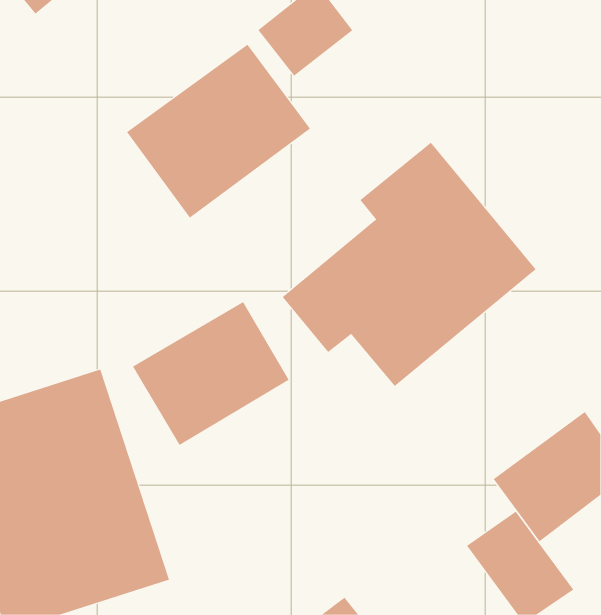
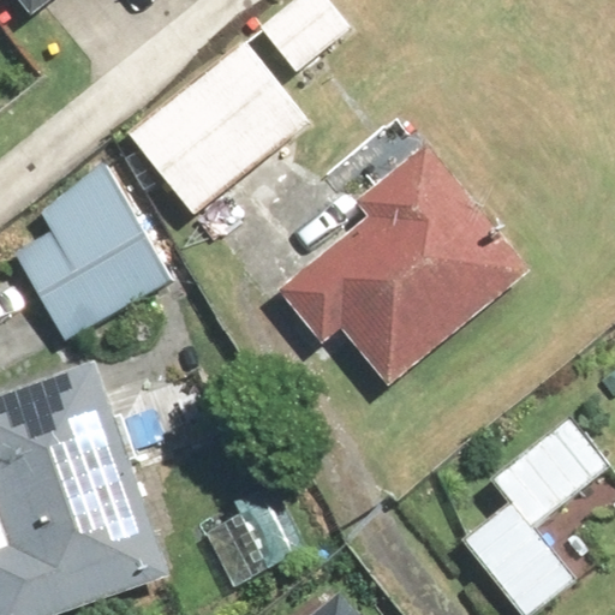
building: none -> [13,172,166,339]
building: [132,301,289,446] -> none

